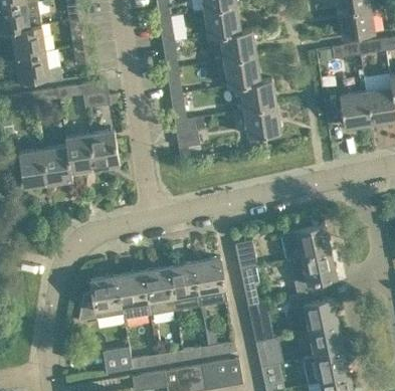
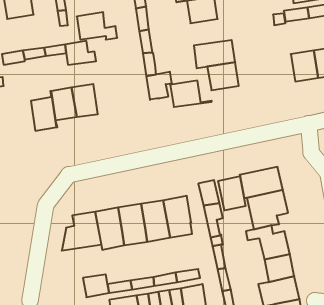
building: [16,51,62,82] -> [77,12,117,40]
building: [225,56,272,86] -> [170,81,212,107]
building: [19,150,48,187] -> none
building: none -> [218,176,246,210]

